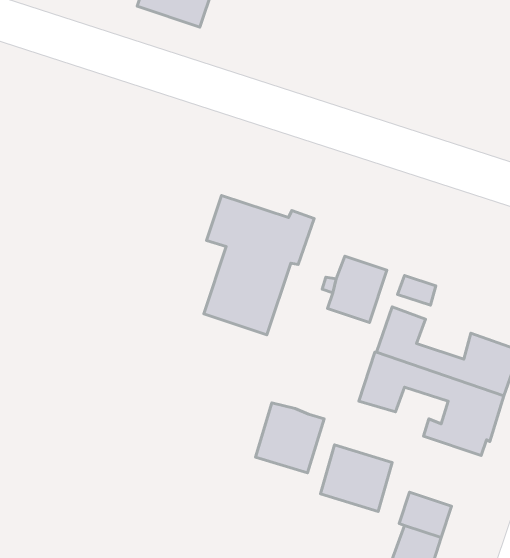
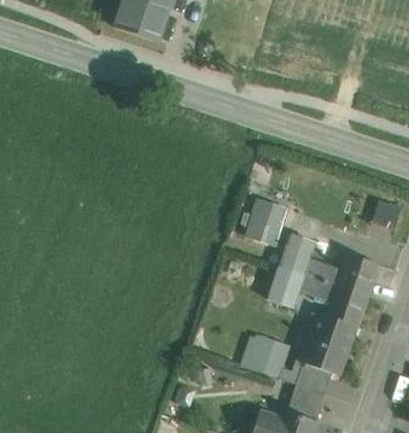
building: [204,196,314,335] -> none
building: [255,403,324,473] -> none
building: none -> [298,324,351,375]

